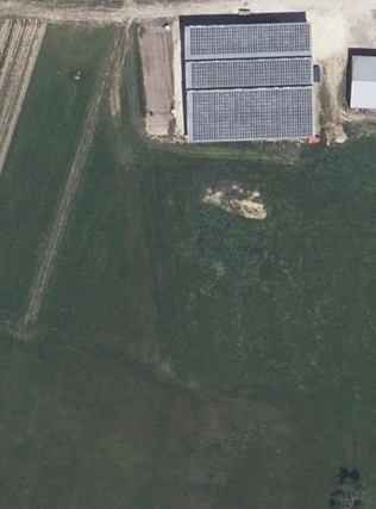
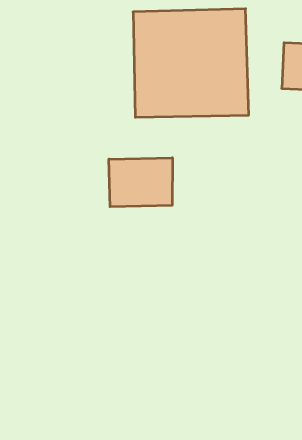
building: none -> [109,158,172,207]

